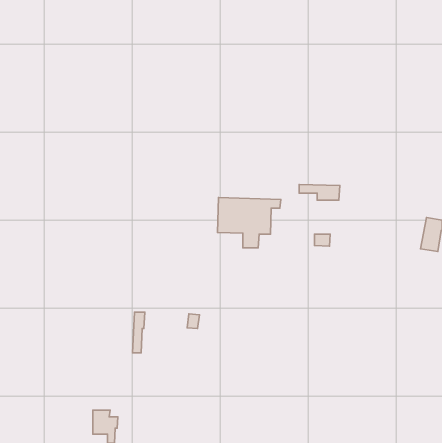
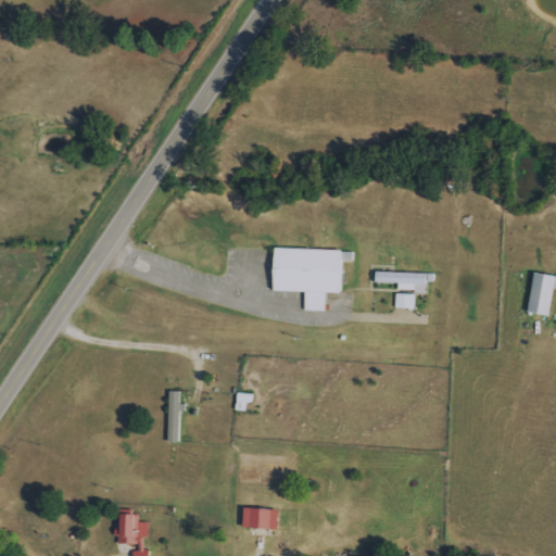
building: [299,184,340,200] -> [375,271,426,291]
building: none -> [242,507,277,529]

